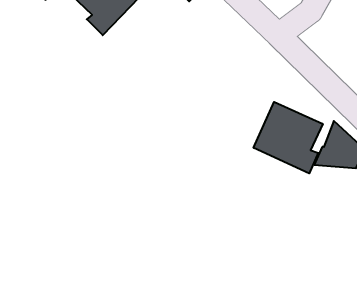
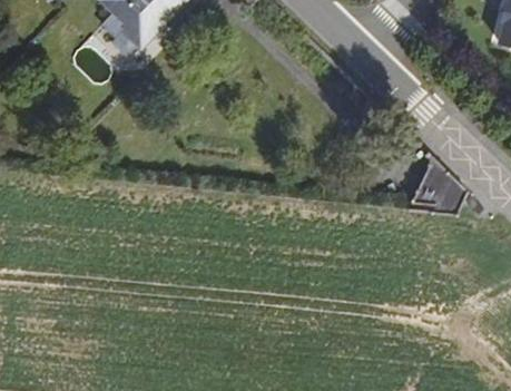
building: [254,102,323,173] -> none

